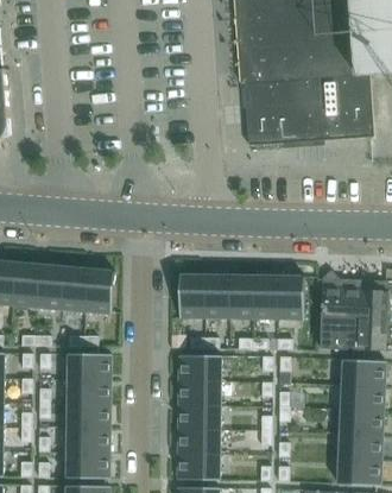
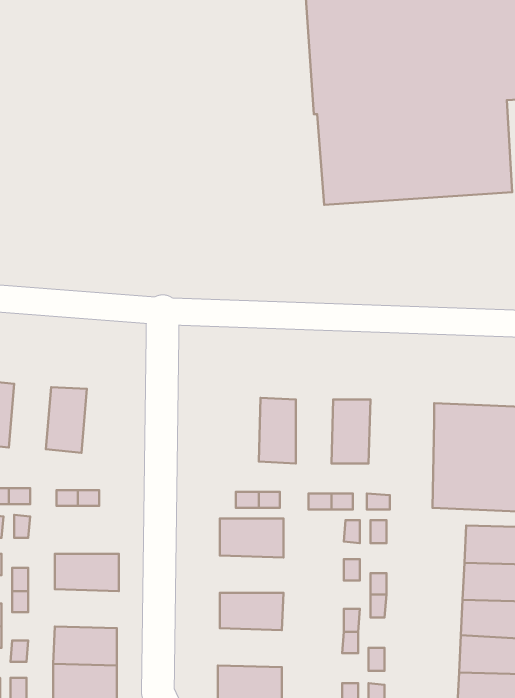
building: [36,264,64,308] -> none
building: [84,267,114,312] -> none
building: [178,273,204,316] -> none
building: [228,274,253,317] -> none
building: [277,274,303,318] -> none
building: [67,352,109,378] -> none
building: [177,379,220,404] -> none
building: [67,402,109,428] -> none
building: [176,428,219,454] -> none

